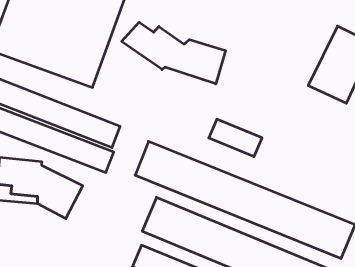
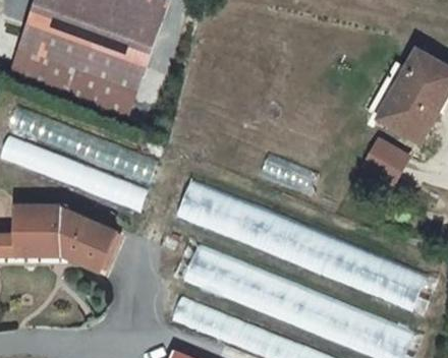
building: [122,22,226,84] -> none
building: none -> [366,138,408,180]

